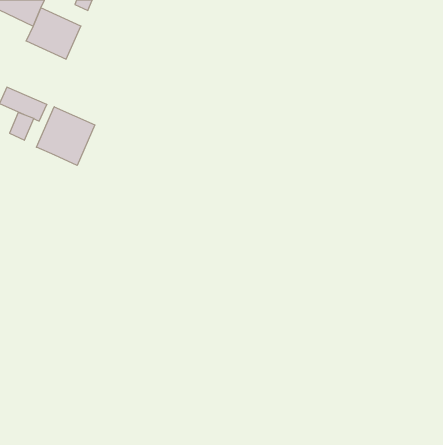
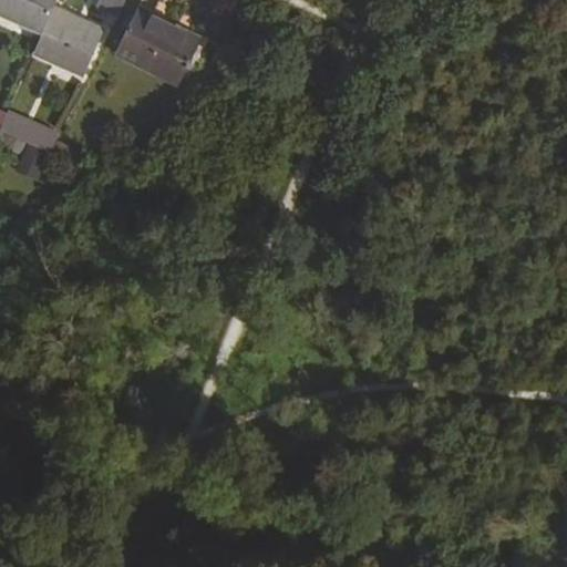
building: none -> [112,6,197,79]
building: [36,107,95,165] -> none

